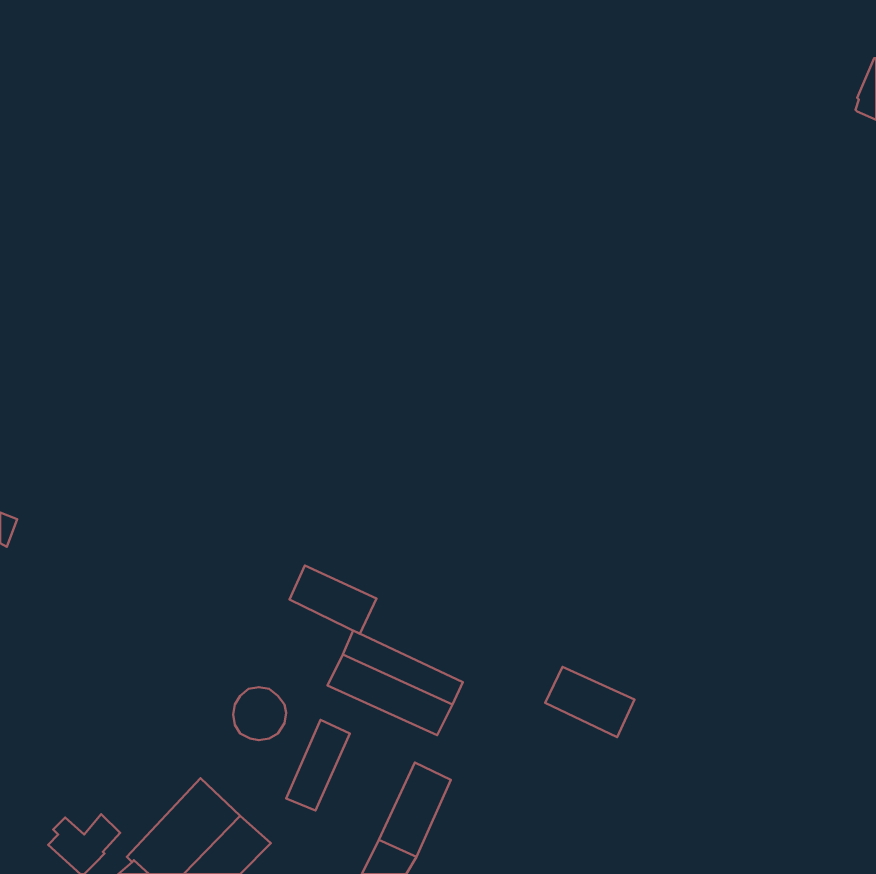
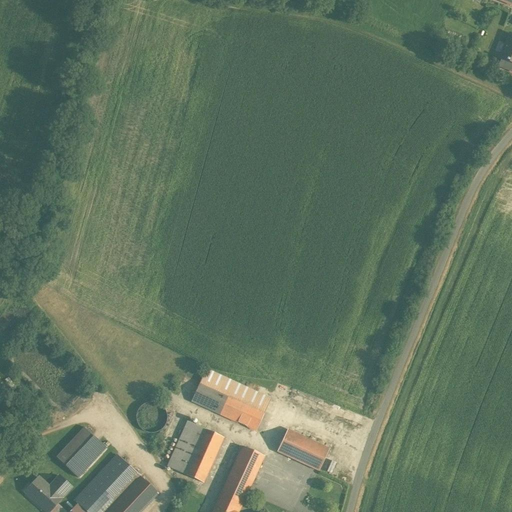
building: [289,565,376,634] -> none
building: [545,667,634,737] -> [276,429,328,470]
building: none -> [56,426,106,477]
building: none -> [184,428,222,481]

